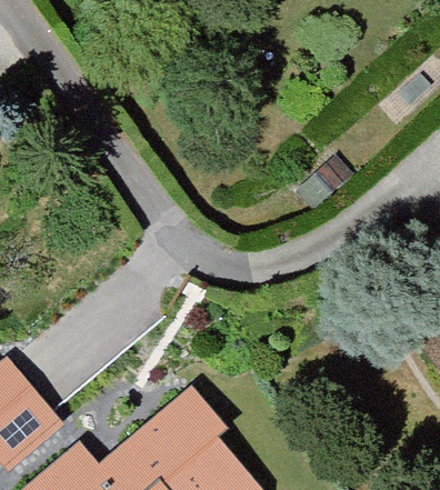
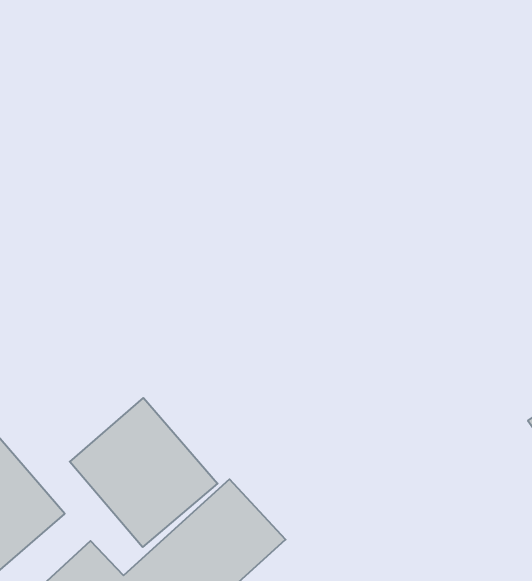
building: none -> [70,398,218,547]

